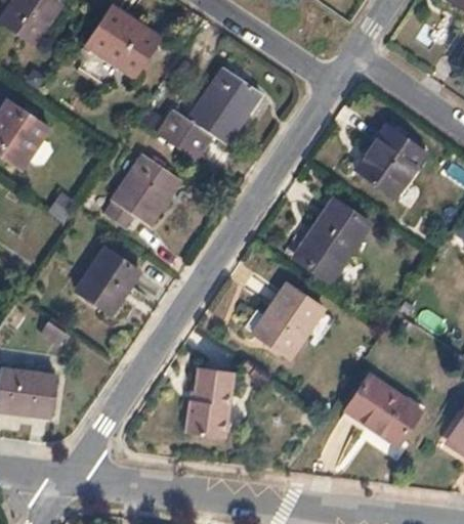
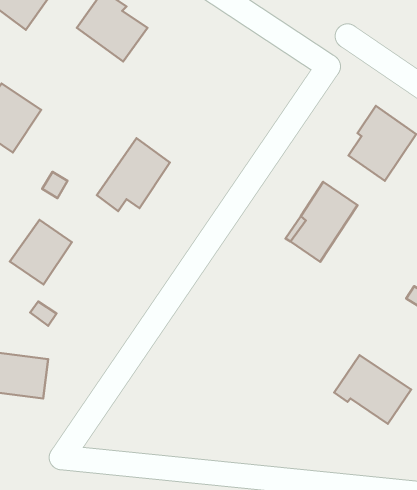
building: [158,68,259,159] -> none
building: [76,250,138,315] -> [10,220,72,285]
building: [253,283,323,356] -> none
building: [185,367,235,437] -> none

